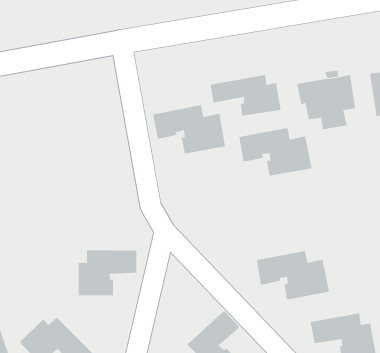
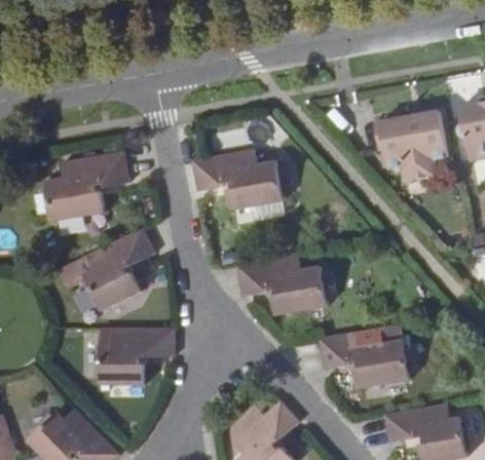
building: [210,74,281,117] -> none
building: none -> [45,151,128,221]
building: [239,128,312,176] -> [236,255,327,314]
building: none -> [82,228,154,310]

